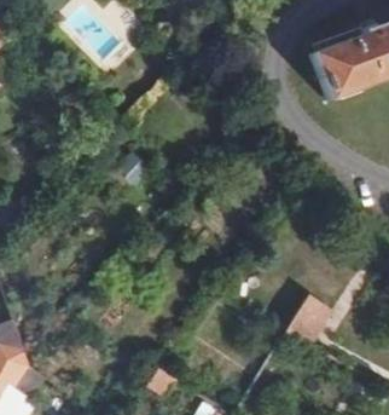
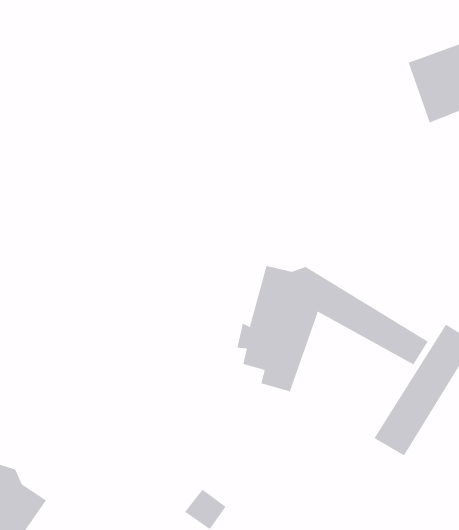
building: none -> [237,265,428,392]

